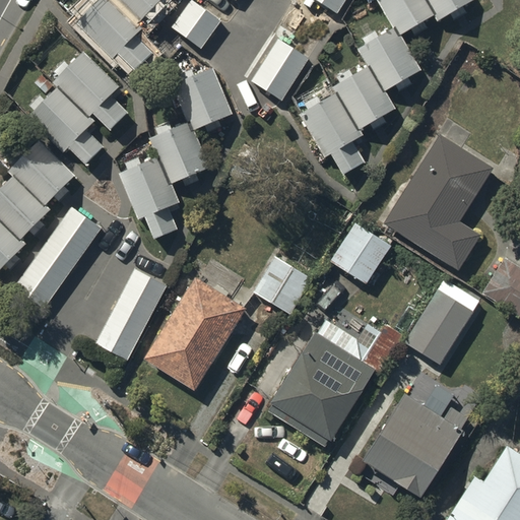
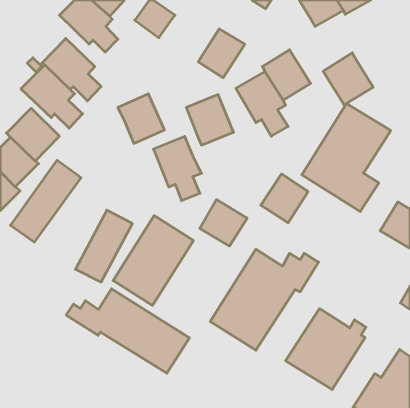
building: [356,25,419,91] -> [323,53,373,105]
building: [173,66,233,130] -> [186,95,234,145]
building: [118,155,179,237] -> [153,136,202,201]
building: [405,278,479,363] -> none
building: none -> [66,289,189,373]

